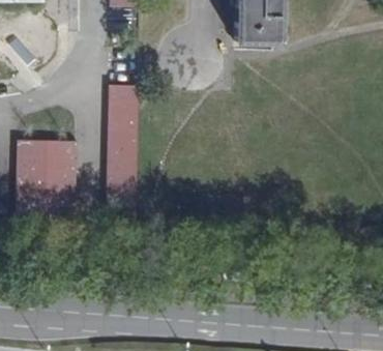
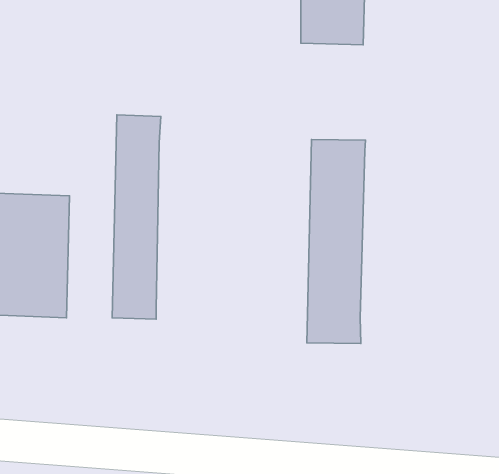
building: none -> [307,140,365,344]

